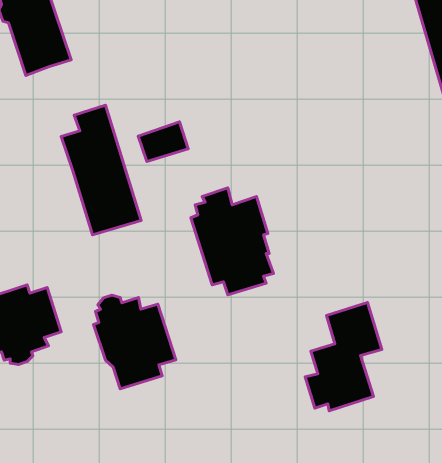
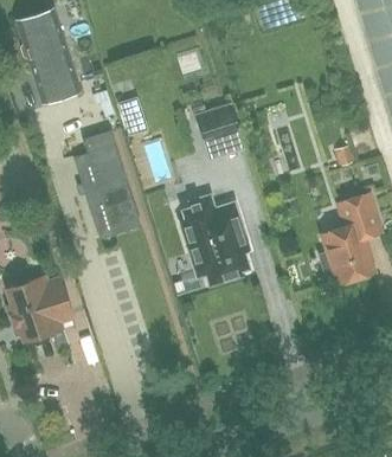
building: [138,122,188,162] -> [197,105,238,139]
building: [93,295,176,389] -> none
building: [305,303,382,411] -> [317,194,381,284]

